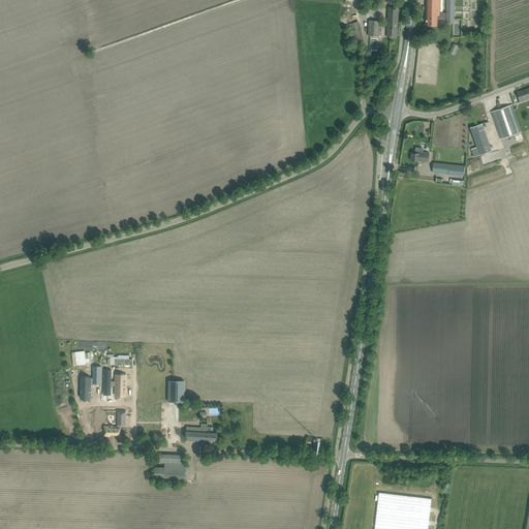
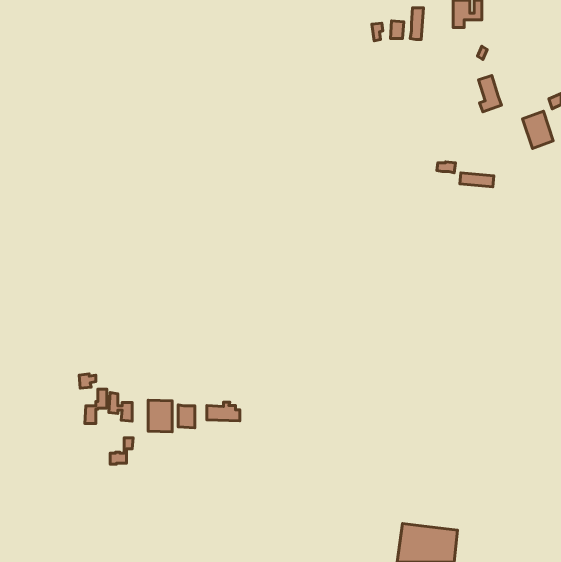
building: [469,123,491,157] -> [478,75,502,112]
building: none -> [148,400,172,432]
building: [185,424,216,441] -> [207,402,240,421]
building: [154,454,185,480] -> none

